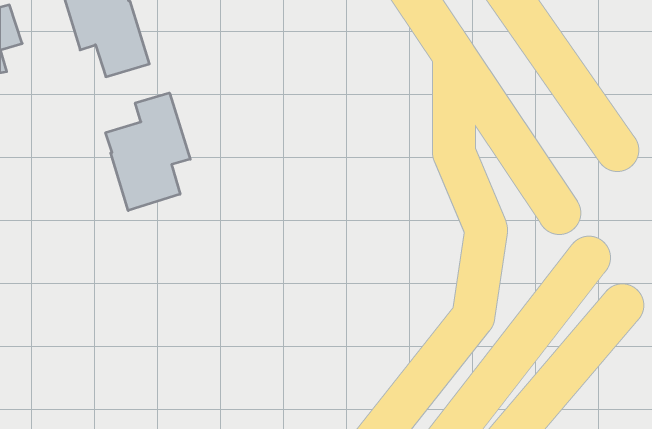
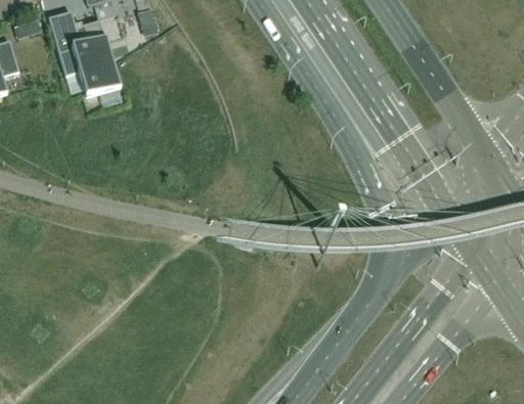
building: [106,93,190,211] -> none

